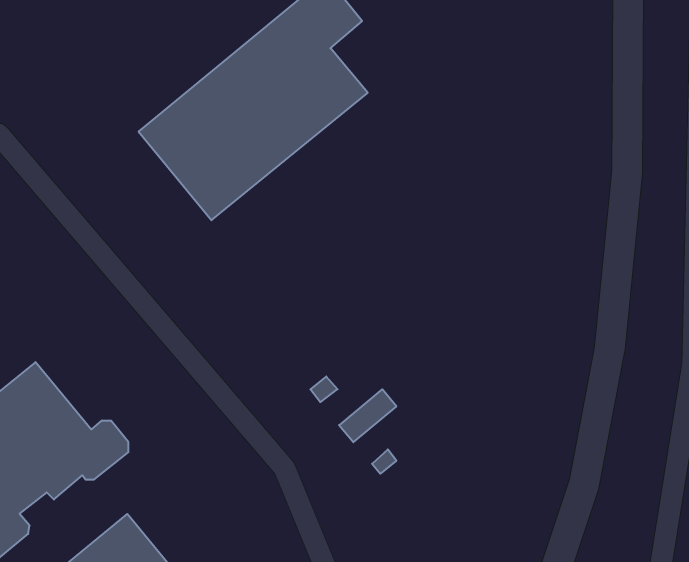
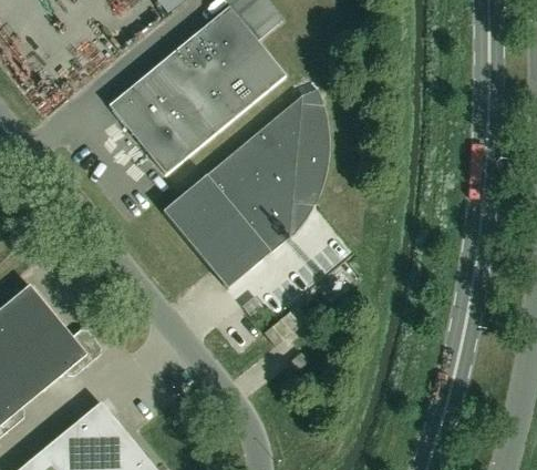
building: none -> [163,95,329,289]

